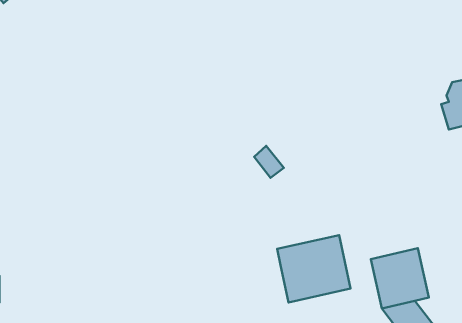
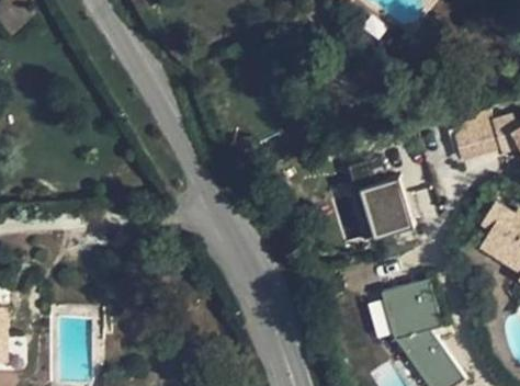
building: none -> [361,177,414,238]
building: [277,235,351,302] -> none

